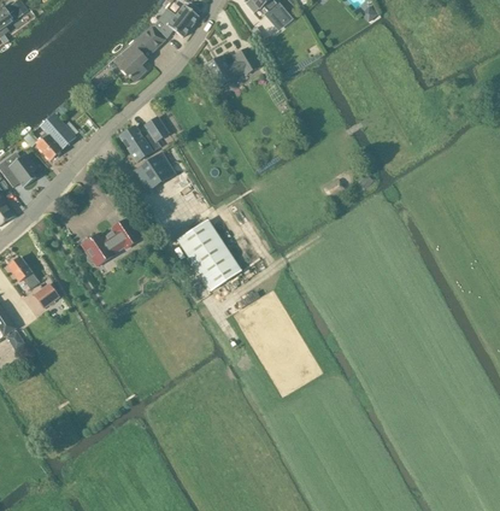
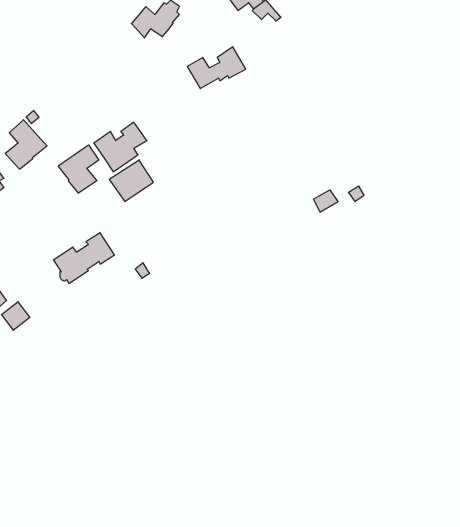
building: [119,25,164,81] -> none
building: none -> [58,145,99,193]
building: [176,219,240,290] -> none

